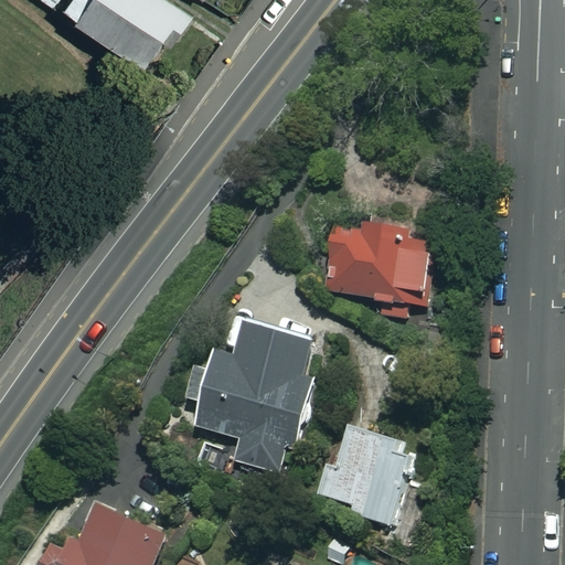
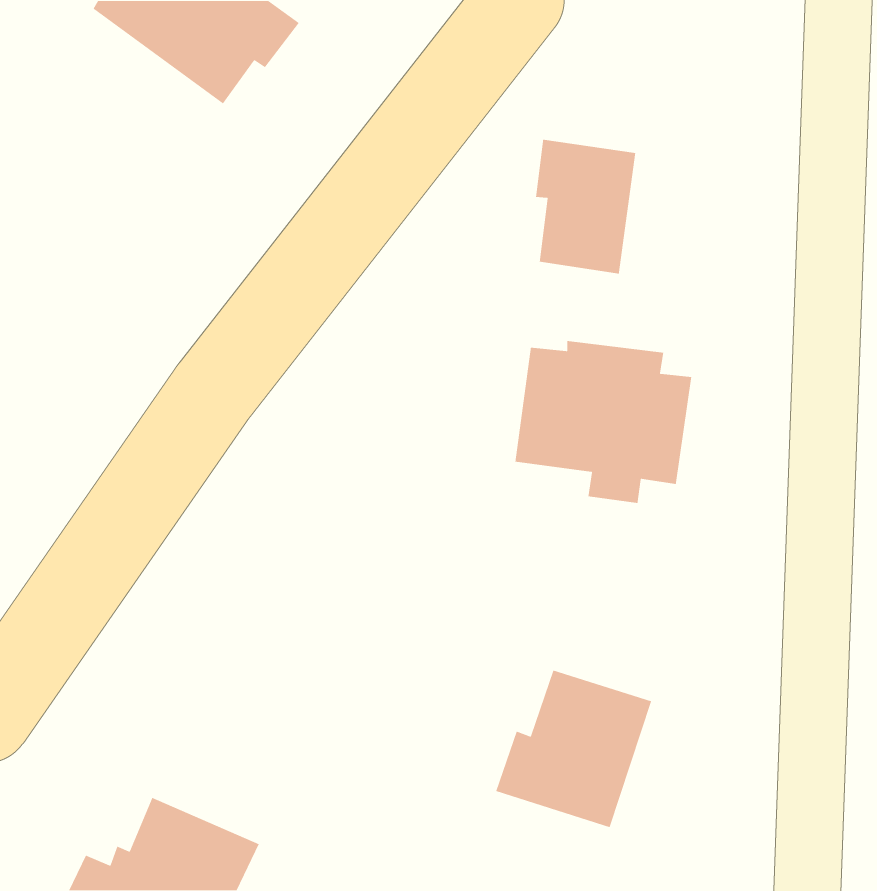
building: none -> [535,139,636,274]
building: [185,321,311,476] -> none

